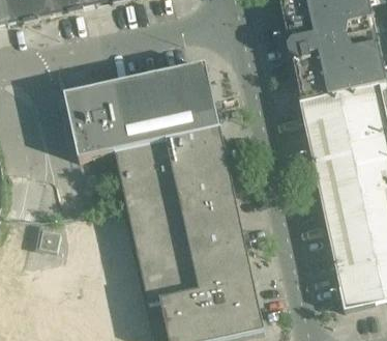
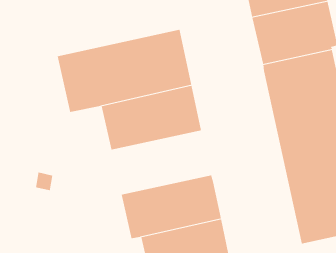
building: [127,179,243,253] -> none

